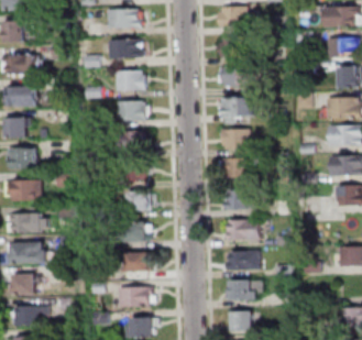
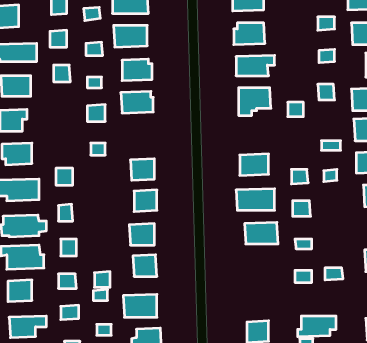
building: [221,131,249,150] -> none
building: [120,132,143,152] -> none
building: [226,251,259,271] -> none
building: [227,282,262,300] -> [298,316,336,337]

